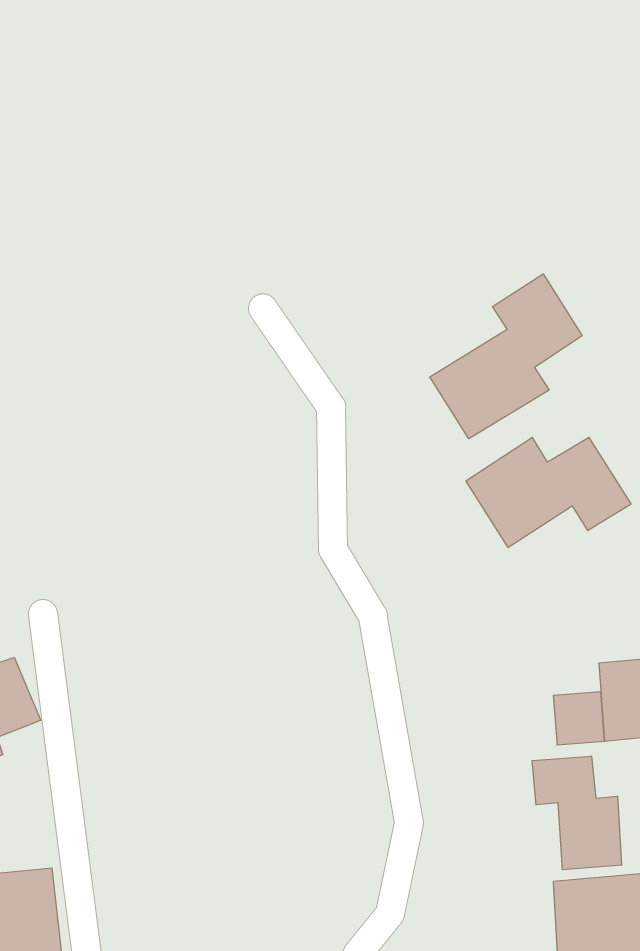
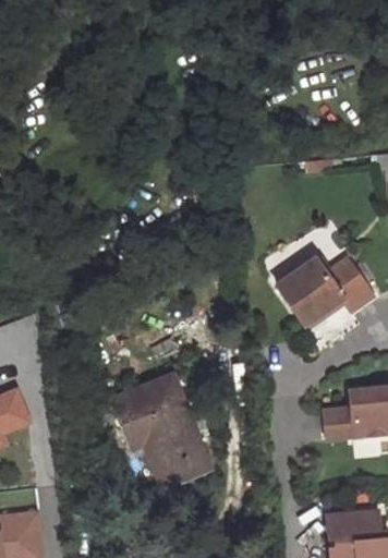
building: [430,274,582,439] -> none
building: none -> [111,378,209,484]
building: [532,756,622,870] -> none

